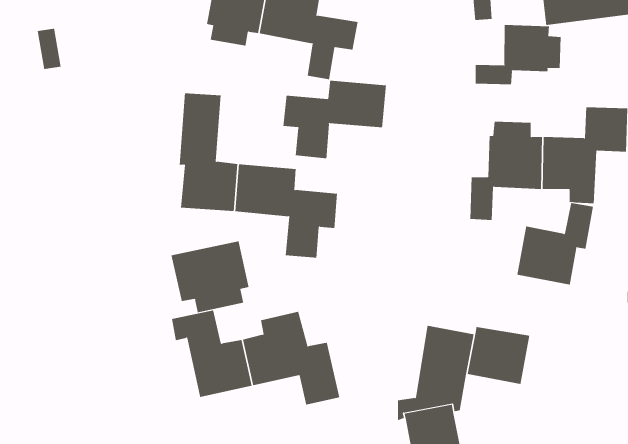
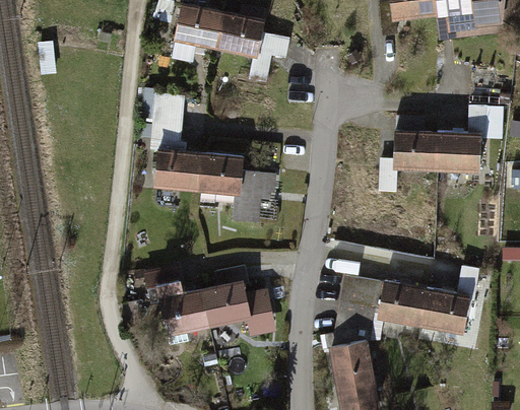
building: [475,24,561,85] -> none
building: [283,80,387,159] -> none
building: [516,203,594,285] -> [419,267,480,332]
building: [171,241,249,313] -> none

